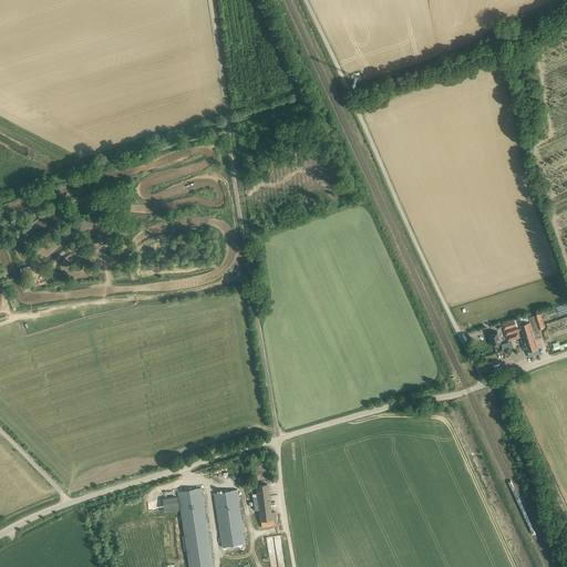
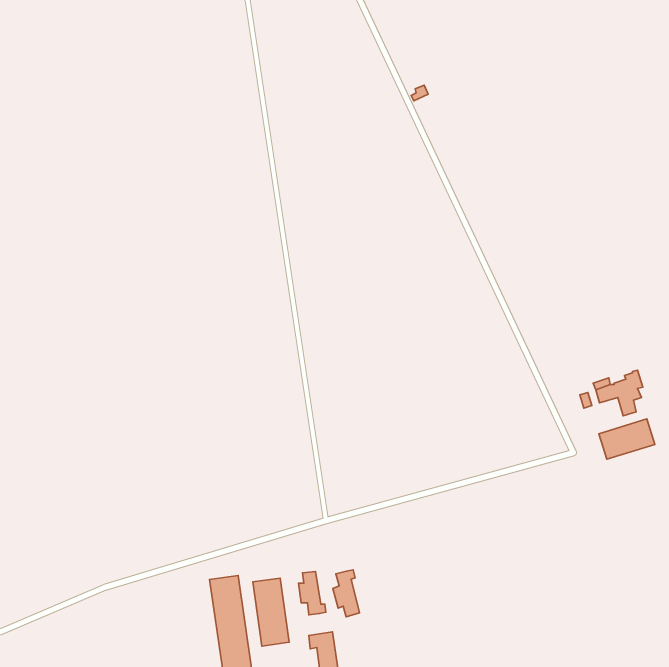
building: none -> [599,419,655,459]
building: none -> [333,570,359,617]

